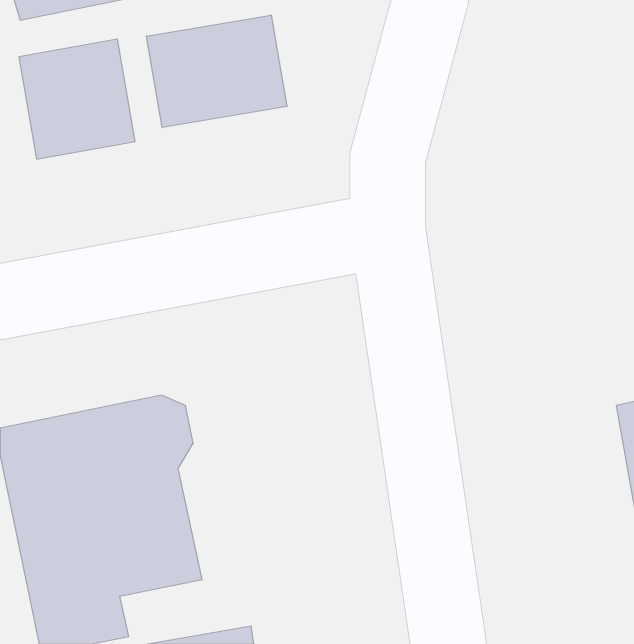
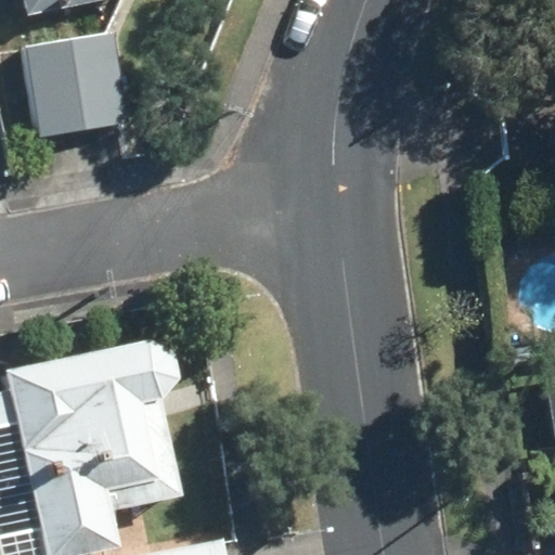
building: [146,15,287,128] -> none

